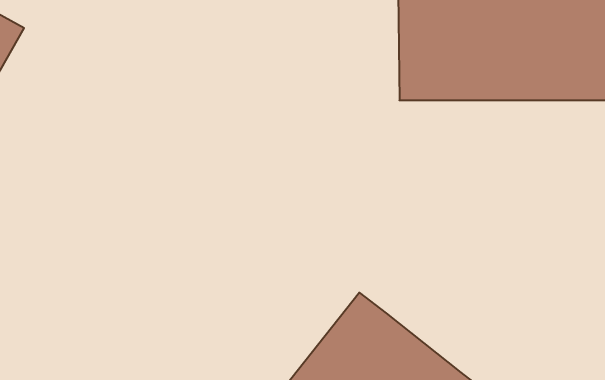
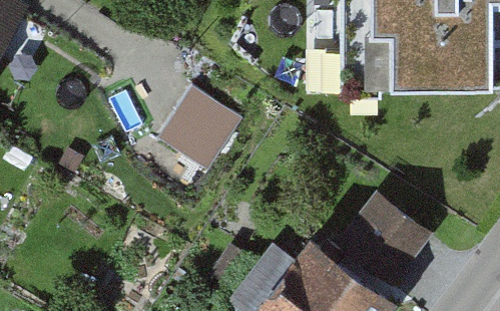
building: none -> [154,91,231,171]
building: none -> [326,190,429,293]

